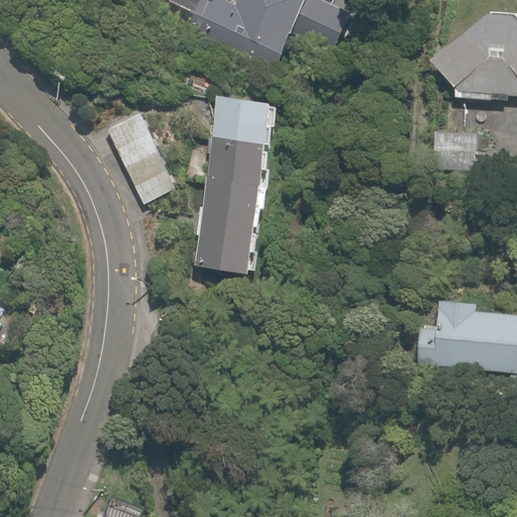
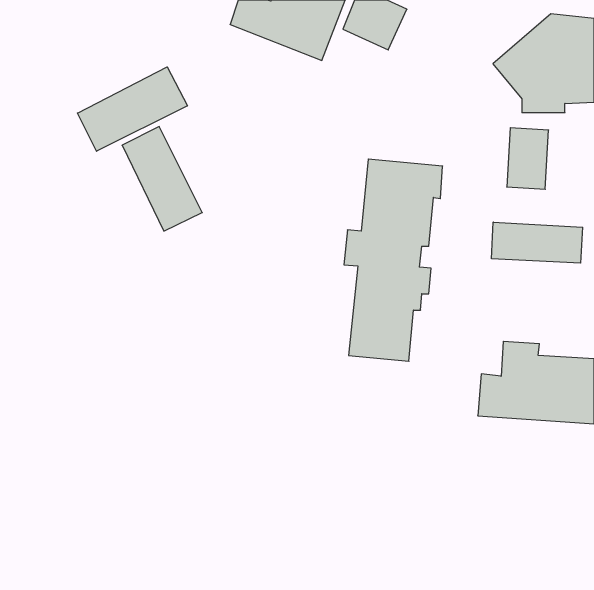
building: none -> [77,67,187,151]
building: [192,94,278,270] -> [344,159,443,361]
building: none -> [492,222,583,263]

